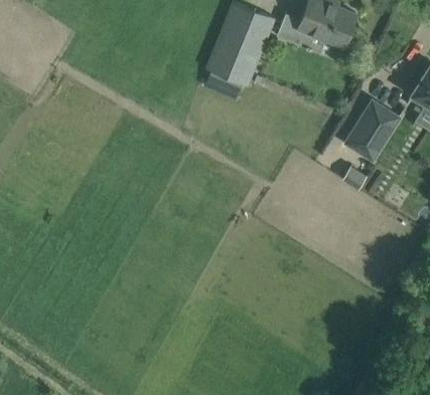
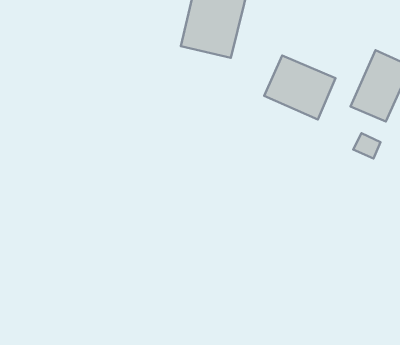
building: none -> [264,56,335,119]

